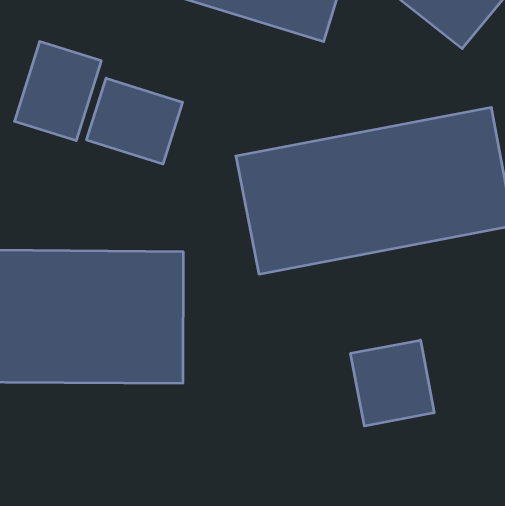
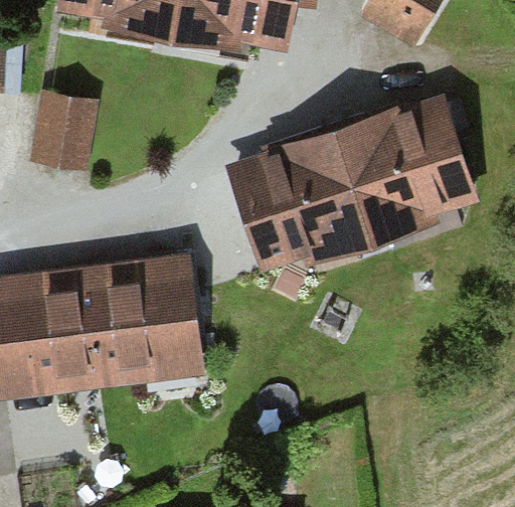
building: [87,78,182,164] -> none
building: [351,340,434,426] -> none

